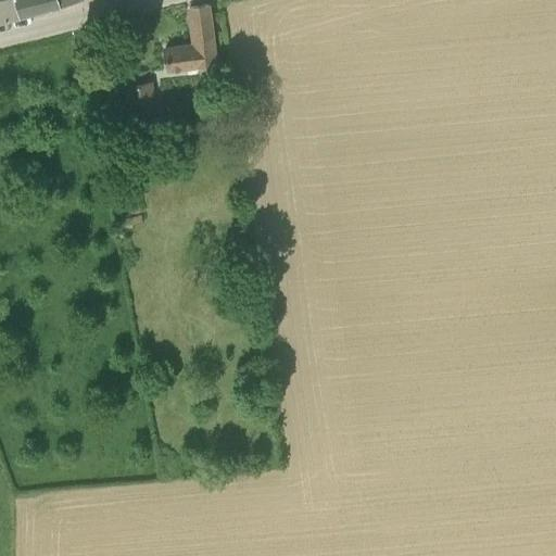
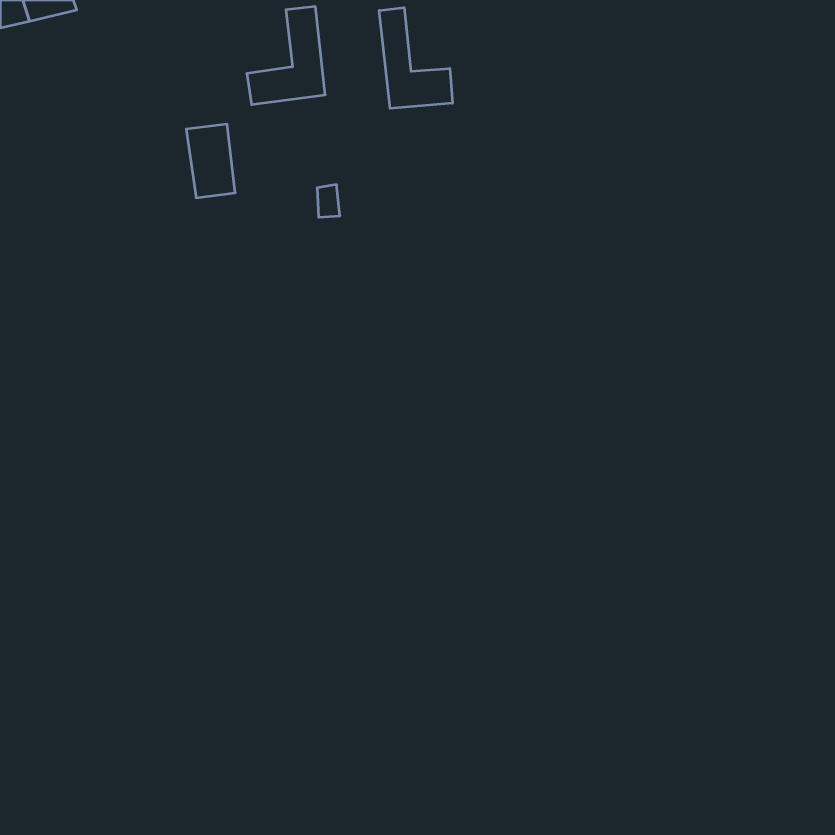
building: none -> [379,8,452,108]

